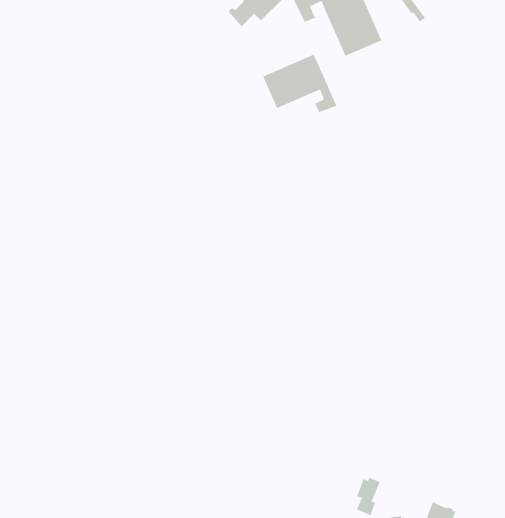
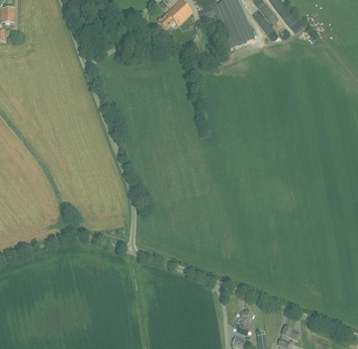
building: [262,54,337,113] -> none

